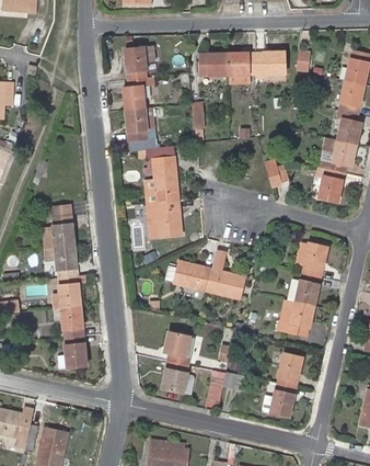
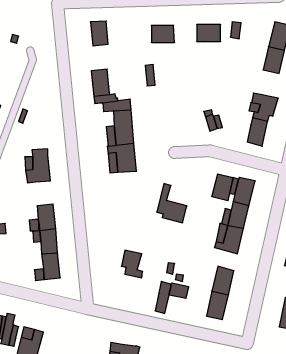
building: [228,53,256,75] -> none
building: [123,77,148,110] -> none
building: [337,109,361,144] -> none
building: none -> [212,174,233,201]
building: [57,246,79,276] -> none
building: [172,259,211,289] -> none
building: [161,361,188,393] -> none

